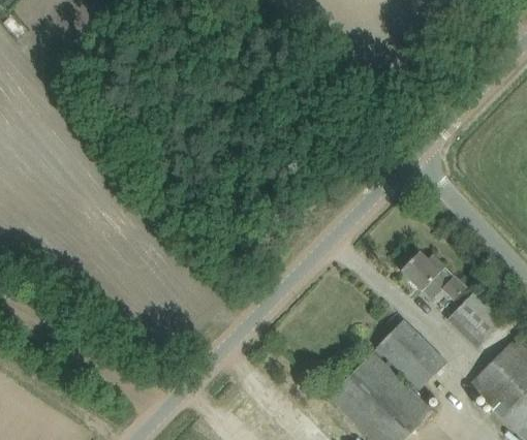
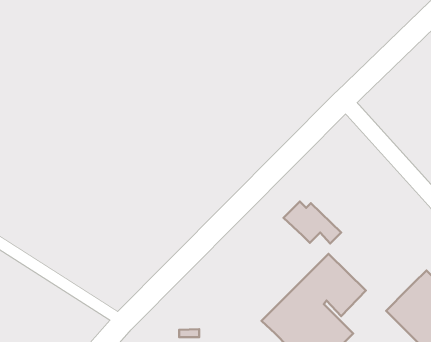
building: [401,253,466,301] -> [283,201,341,244]
building: [450,293,503,347] -> none

